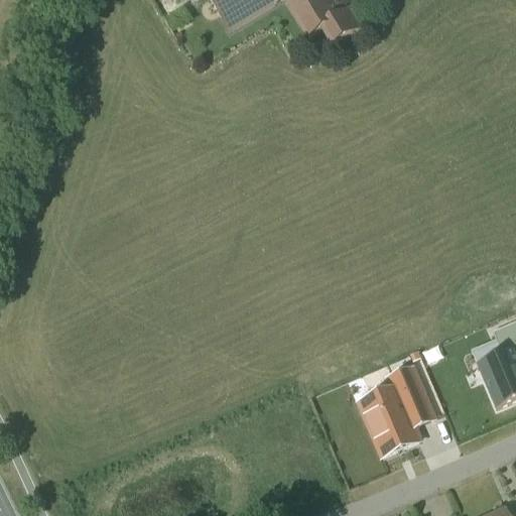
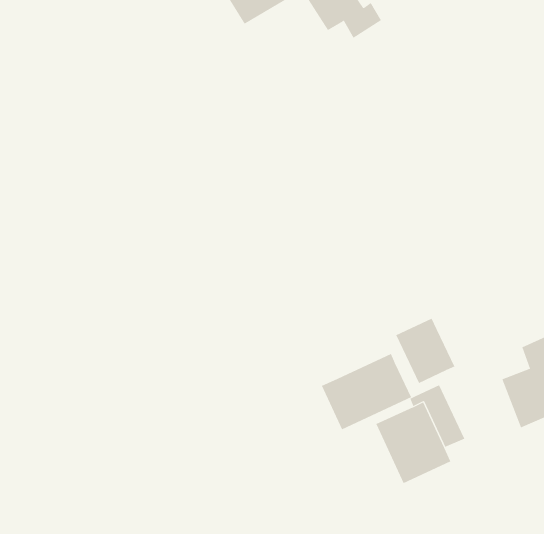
building: none -> [396,318,455,384]
building: none -> [321,353,412,430]

